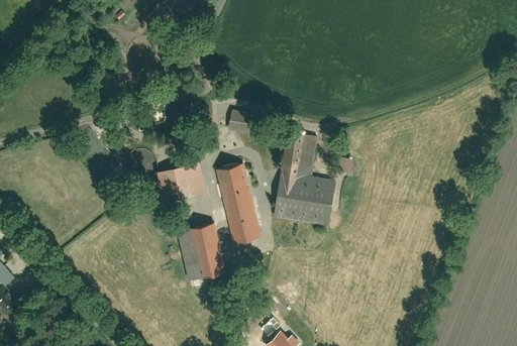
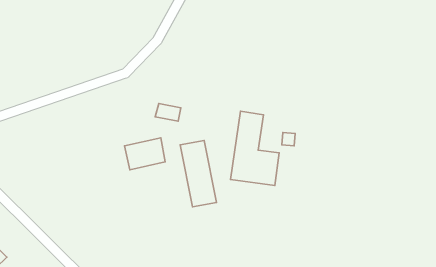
building: [230,113,260,133] -> [155,104,181,121]
building: [182,225,224,278] -> none

